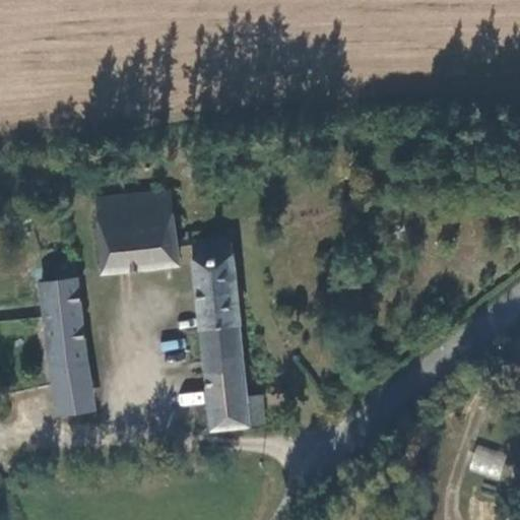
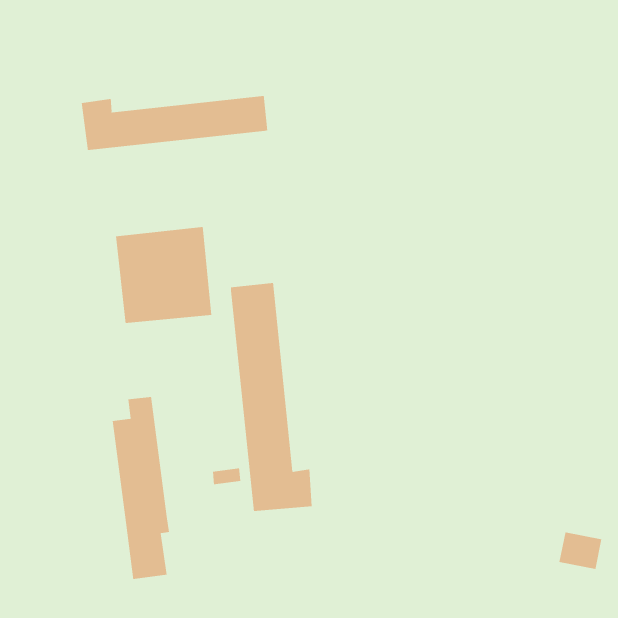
building: none -> [81,95,268,151]
building: [41,263,89,416] -> [112,397,170,580]

